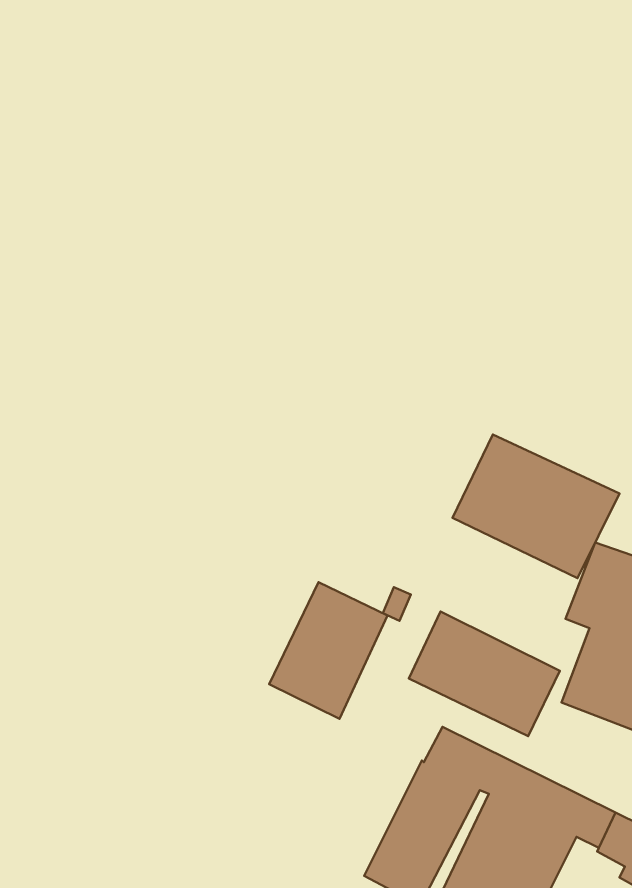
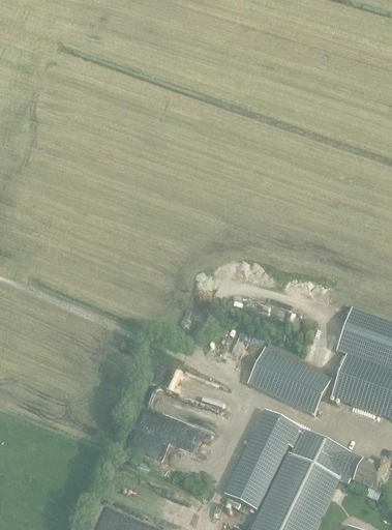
building: [453,434,619,578] -> none
building: [269,582,387,719] -> none

